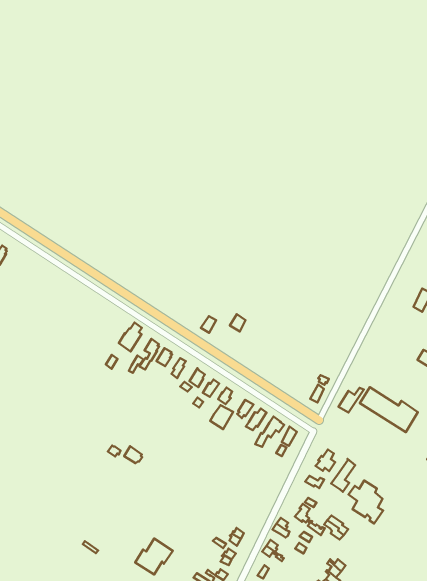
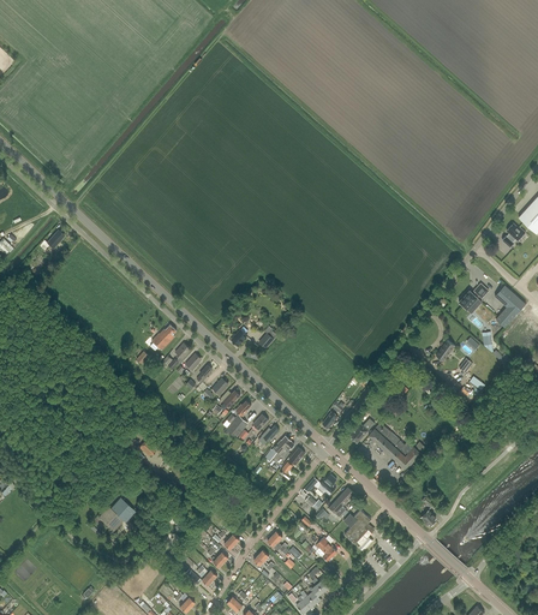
building: [135,539,173,575] -> [97,497,134,531]

